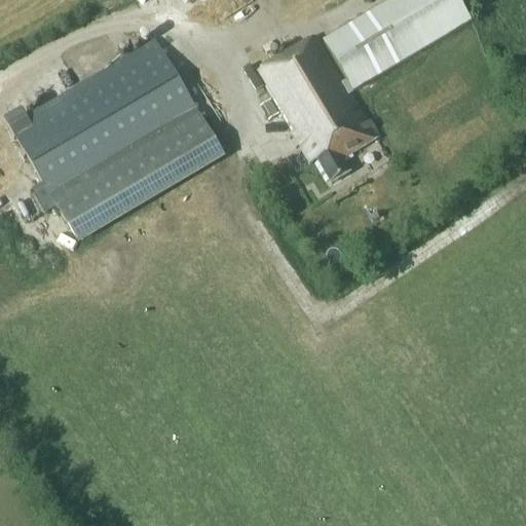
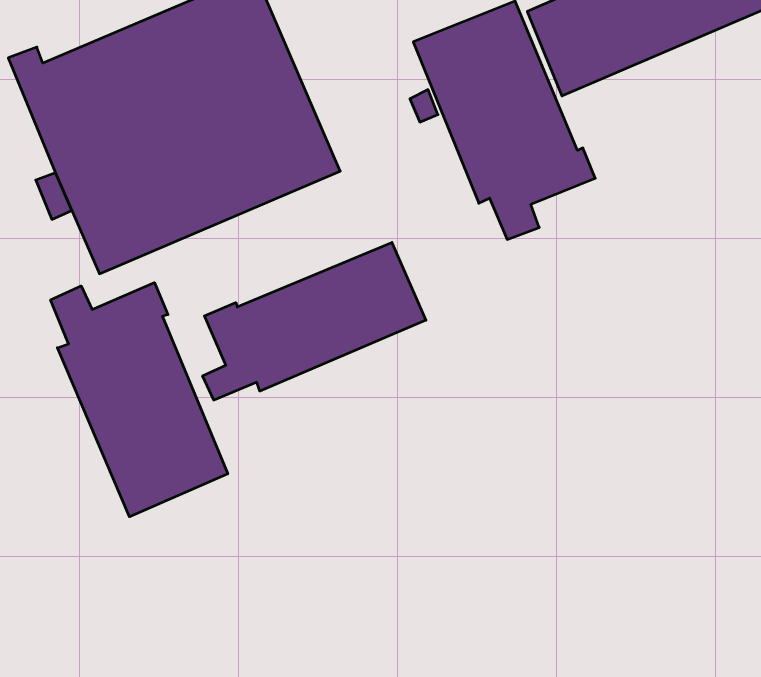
building: none -> [203,242,426,400]
building: none -> [51,283,228,517]

